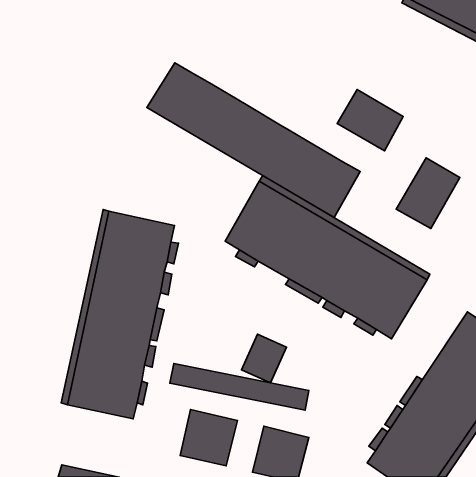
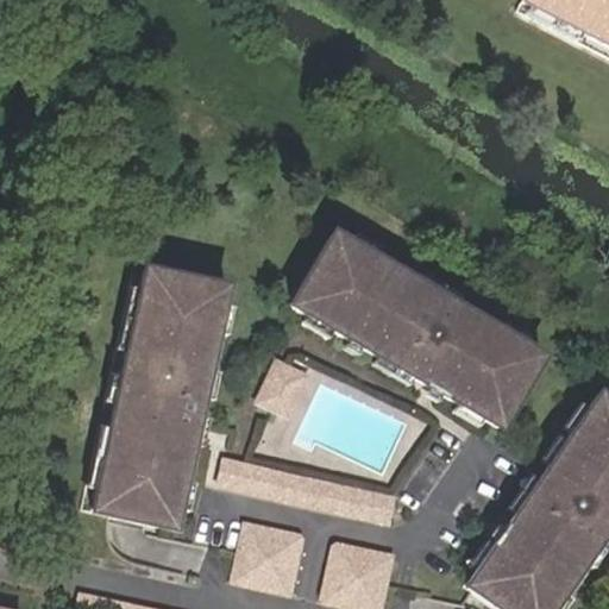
building: [147,63,360,217] -> none
building: [337,89,403,151] -> none
building: [396,158,460,229] -> none
building: [242,334,287,383] -> [258,357,315,419]

